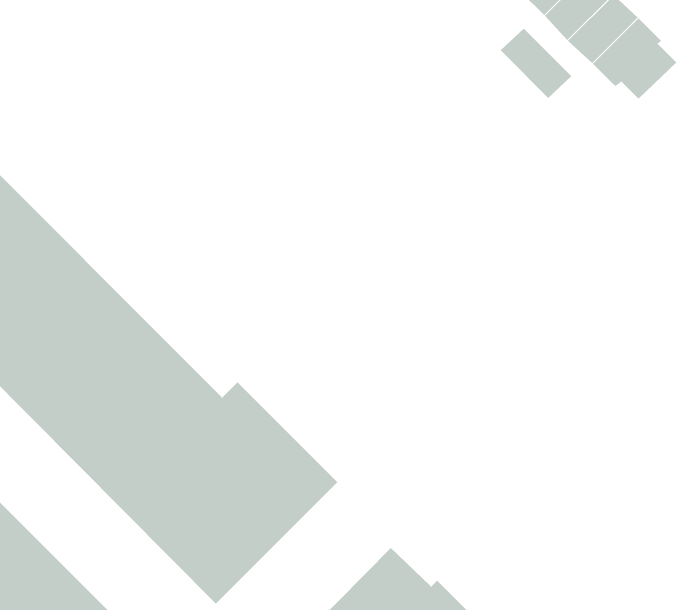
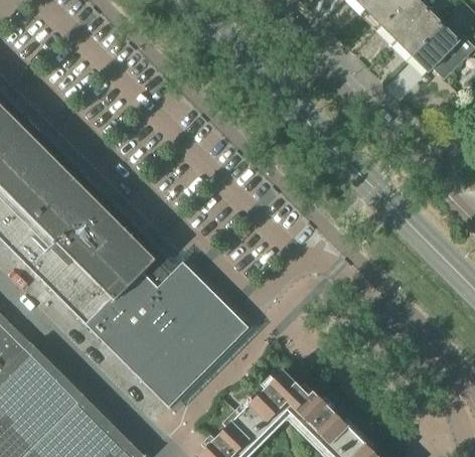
building: [500,28,572,99] -> none

